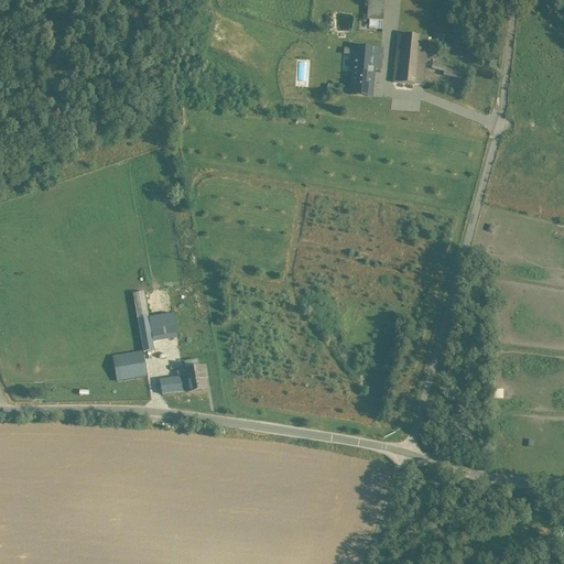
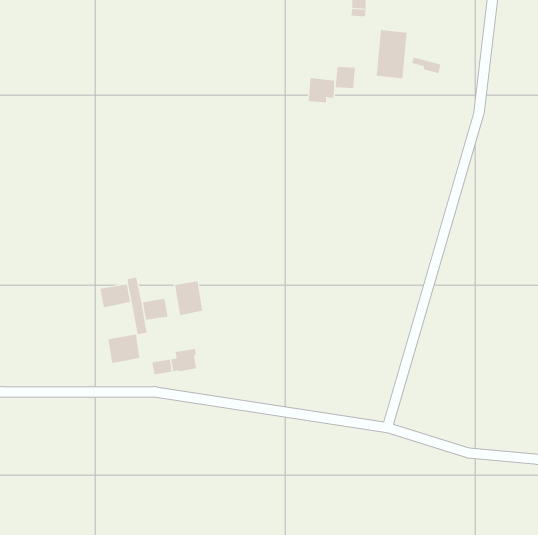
building: [352,44,381,70] -> [308,77,335,103]
building: none -> [174,281,203,316]
building: none -> [100,284,131,308]

